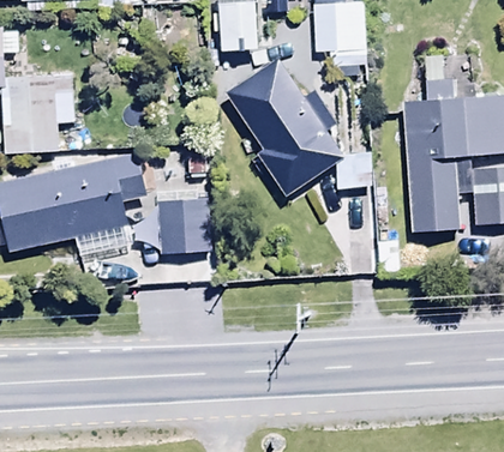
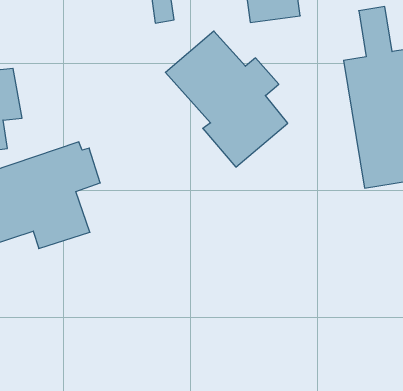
building: [158,198,208,252] -> none

